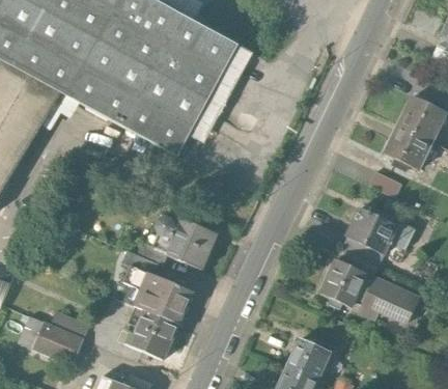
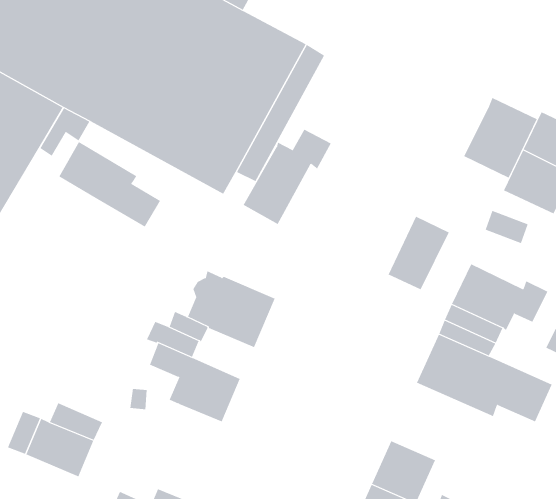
building: none -> [464,97,538,178]
building: none -> [243,129,331,225]
building: none -> [58,141,161,228]
building: none -> [388,216,449,290]
building: [116,310,176,360] -> none

